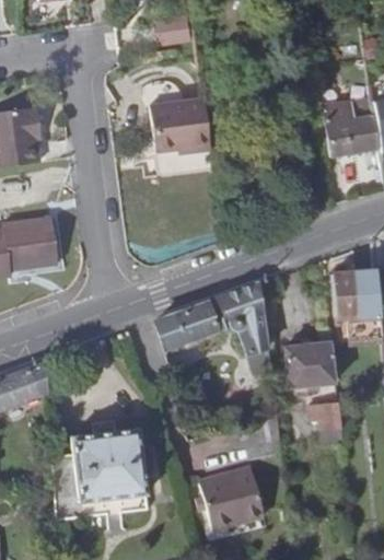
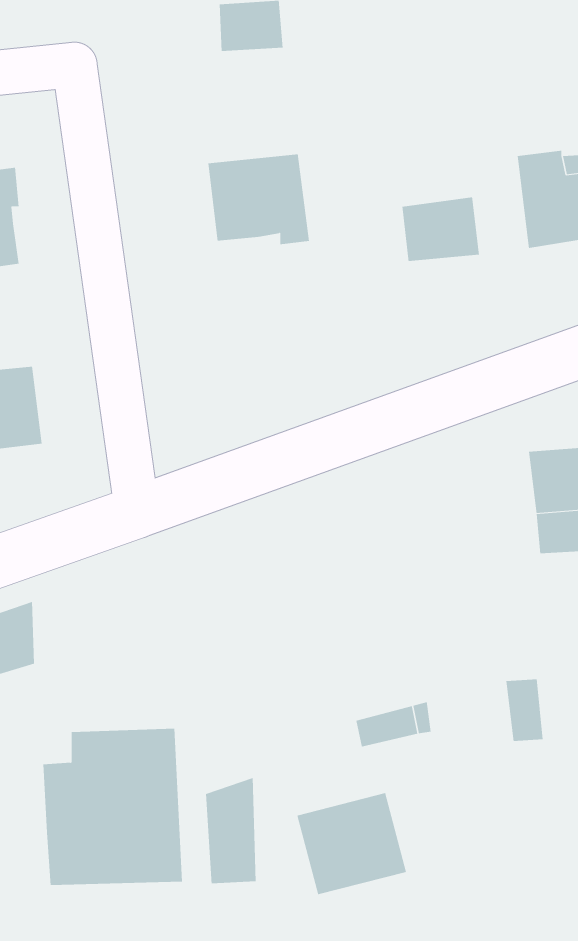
building: none -> [402,197,480,262]
building: [158,281,271,381] -> none
building: [281,343,338,389] -> none
building: none -> [205,777,256,884]

